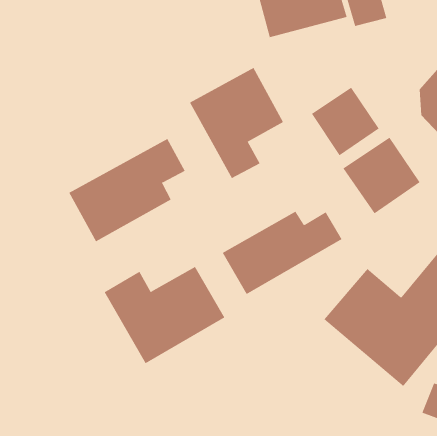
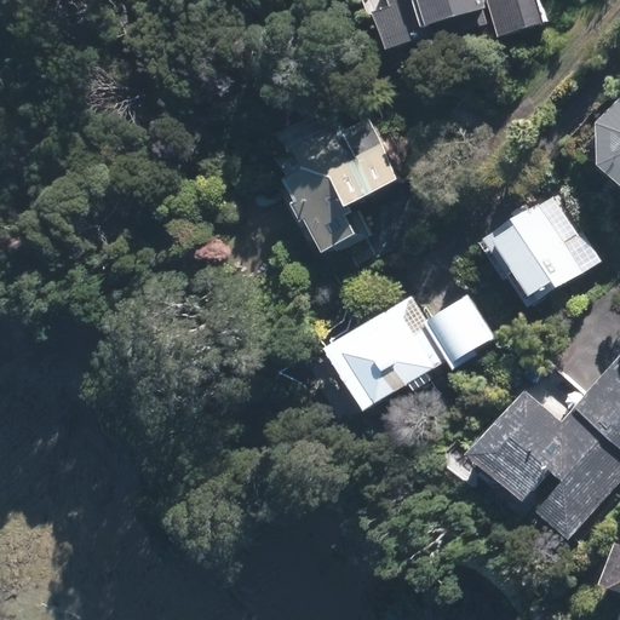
building: [311,87,380,156] -> none
building: [68,138,185,242] -> none
building: [104,266,225,364] -> none

